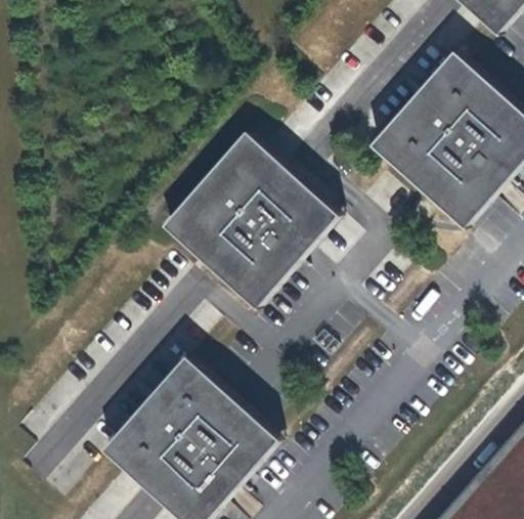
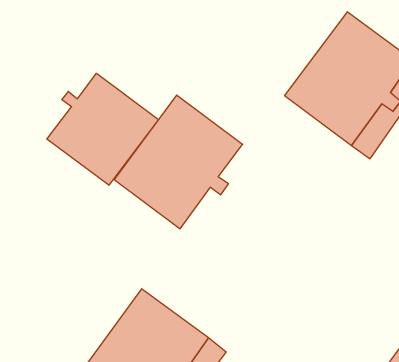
building: none -> [47,73,159,185]
building: [235,198,337,308] -> none

